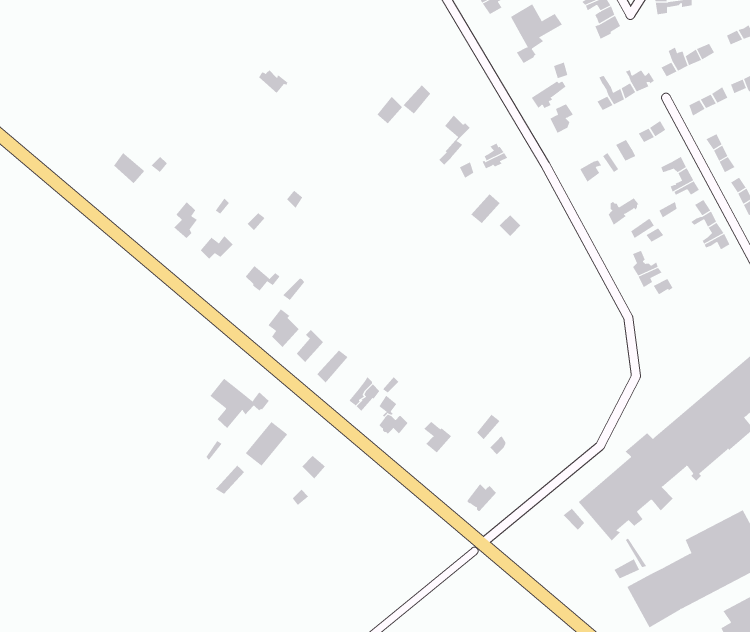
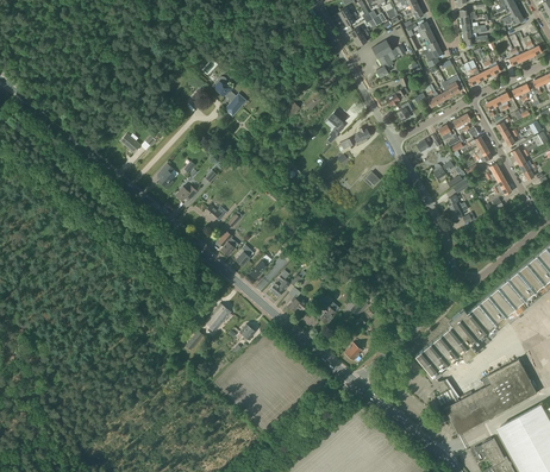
building: [209,378,270,429] -> none

